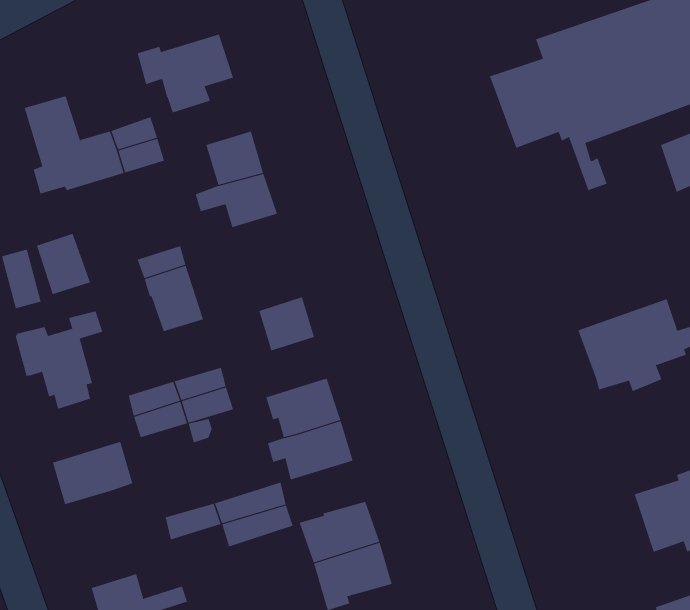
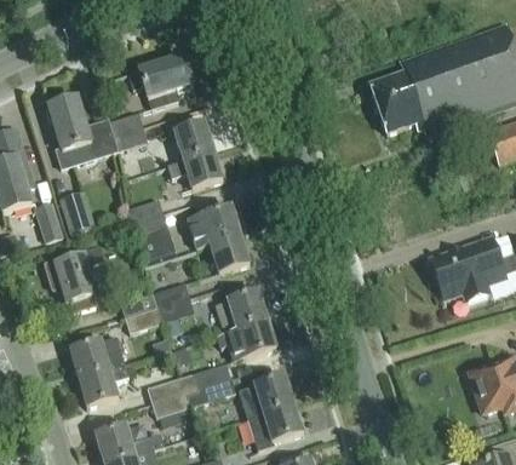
building: none -> [188,206,241,249]
building: none -> [78,363,128,407]
building: none -> [150,391,194,426]

